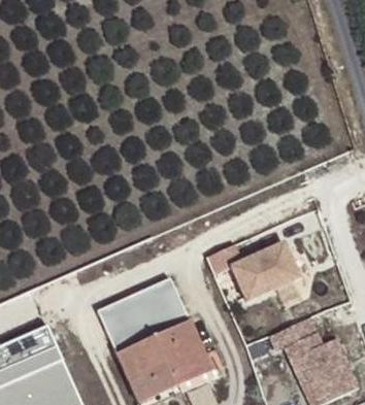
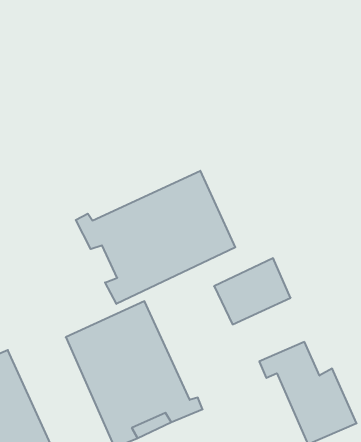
building: none -> [76,171,235,304]

